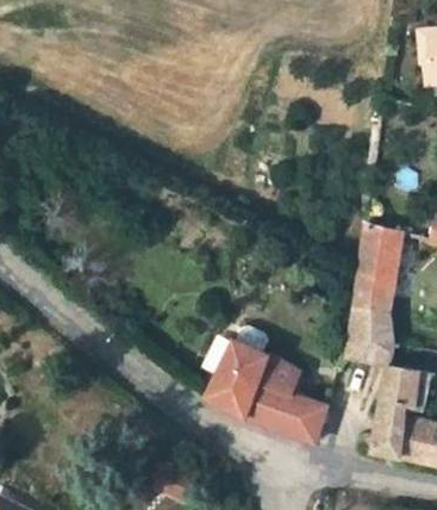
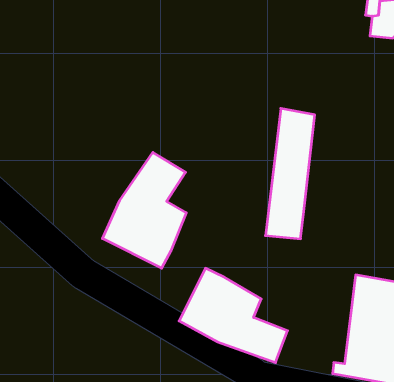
building: none -> [102,152,186,268]
building: [351,234,405,375] -> [265,108,315,239]

